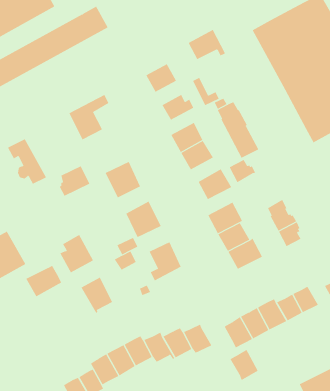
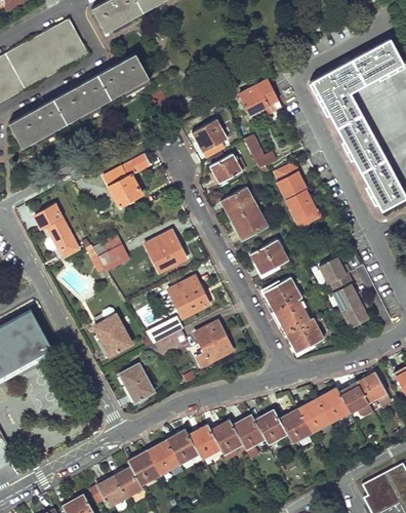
building: [229,159,256,183] -> [319,258,350,284]
building: [25,265,62,297] -> none
building: [230,349,258,381] -> [255,409,288,445]

